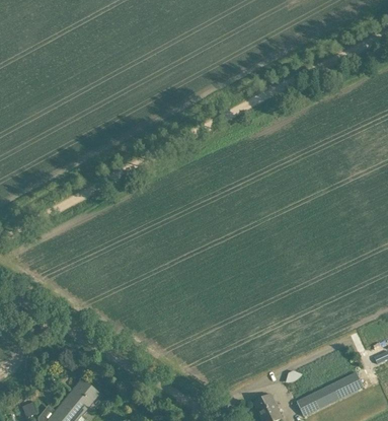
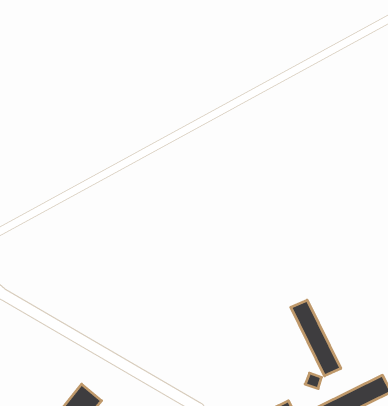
building: none -> [291,300,341,376]

